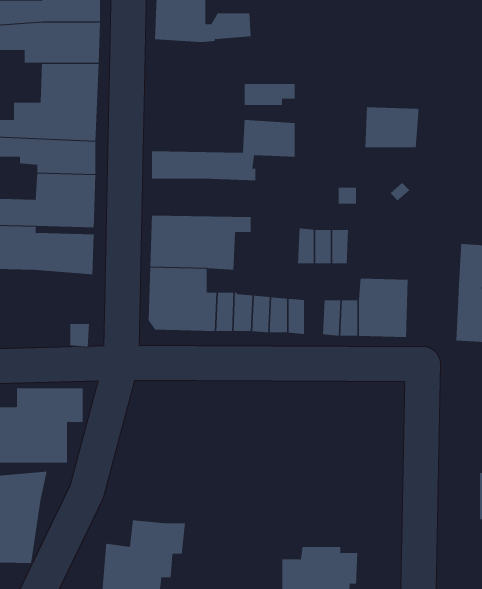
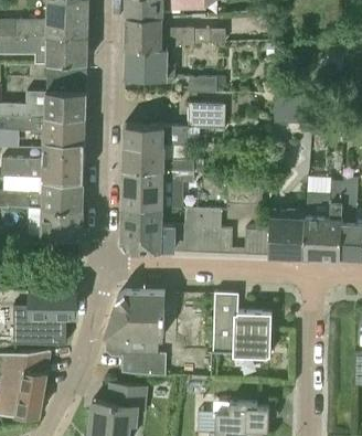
building: none -> [125,46,185,79]
building: none -> [124,145,203,171]
building: none -> [304,181,341,258]
building: none -> [184,208,221,228]
building: none -> [41,209,83,238]
building: none -> [104,291,167,376]
building: none -> [213,293,272,355]

